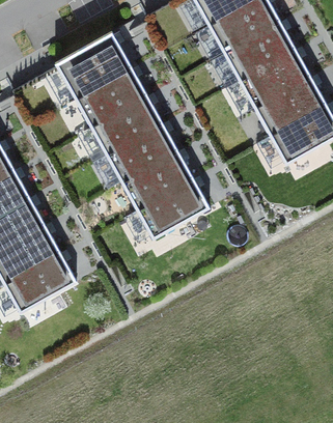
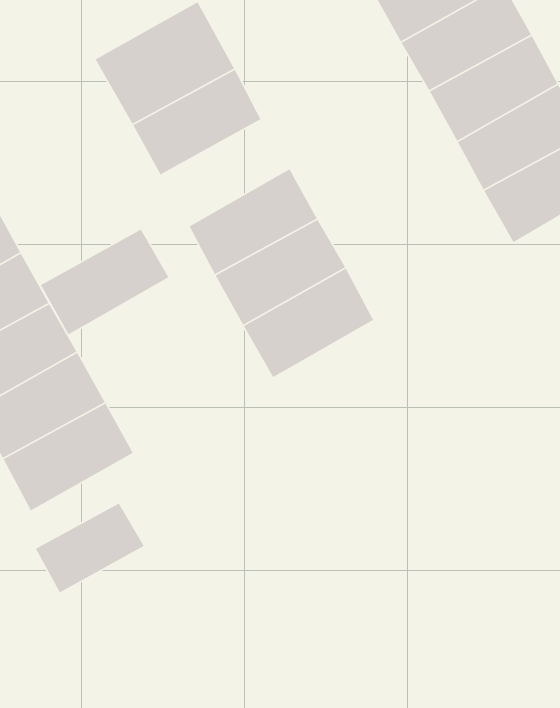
building: [89,95,161,154] -> [40,229,169,336]
building: none -> [35,503,145,594]

